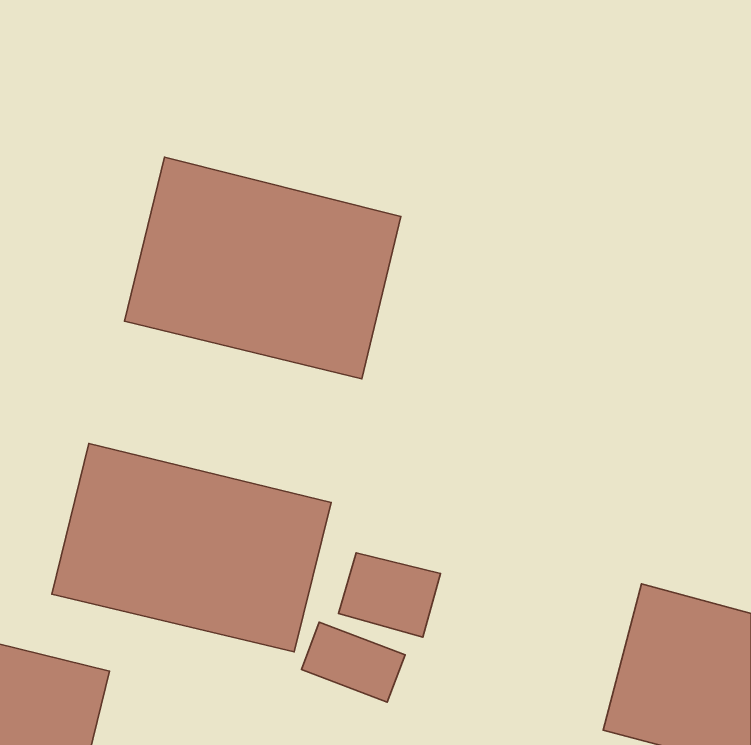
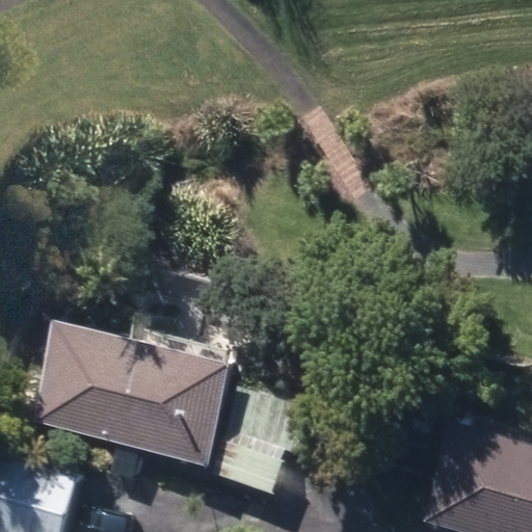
building: [125,157,401,379] -> none

